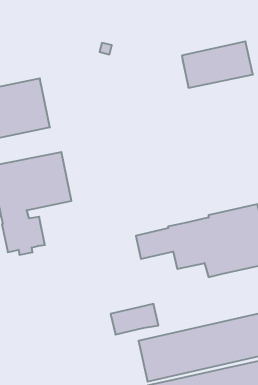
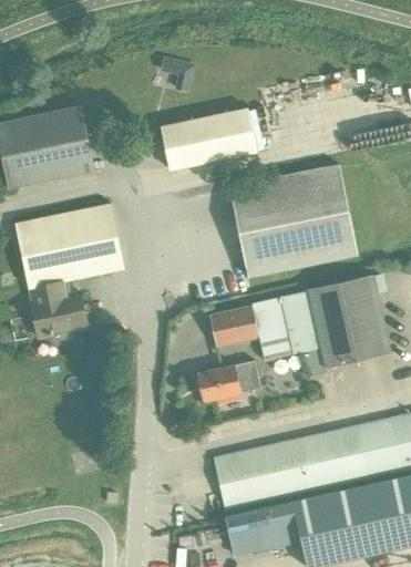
building: [182,41,253,88] -> [162,107,257,169]
building: none -> [229,164,358,277]
building: [111,304,158,335] -> [196,360,260,401]

